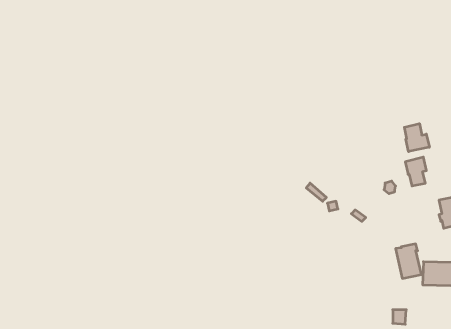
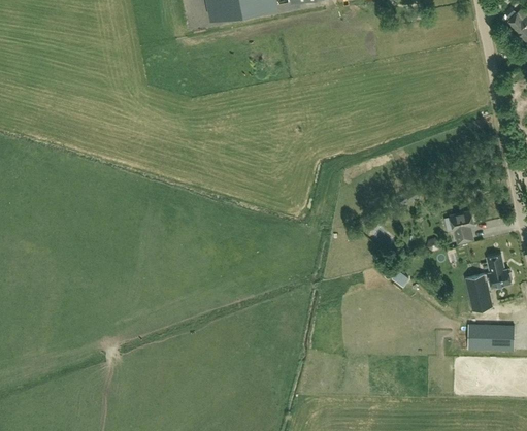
building: [404,124,429,152] -> none
building: [396,244,421,278] -> [464,273,492,310]

